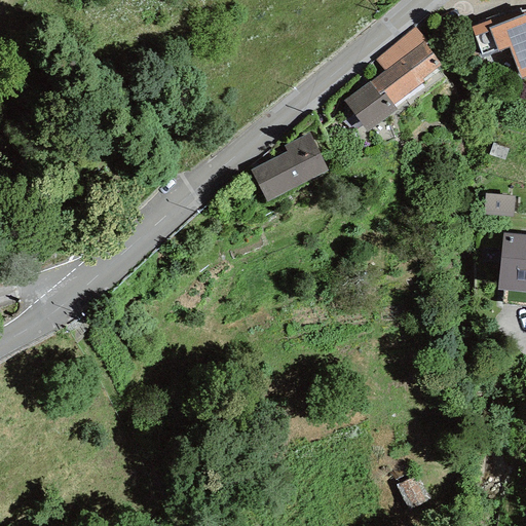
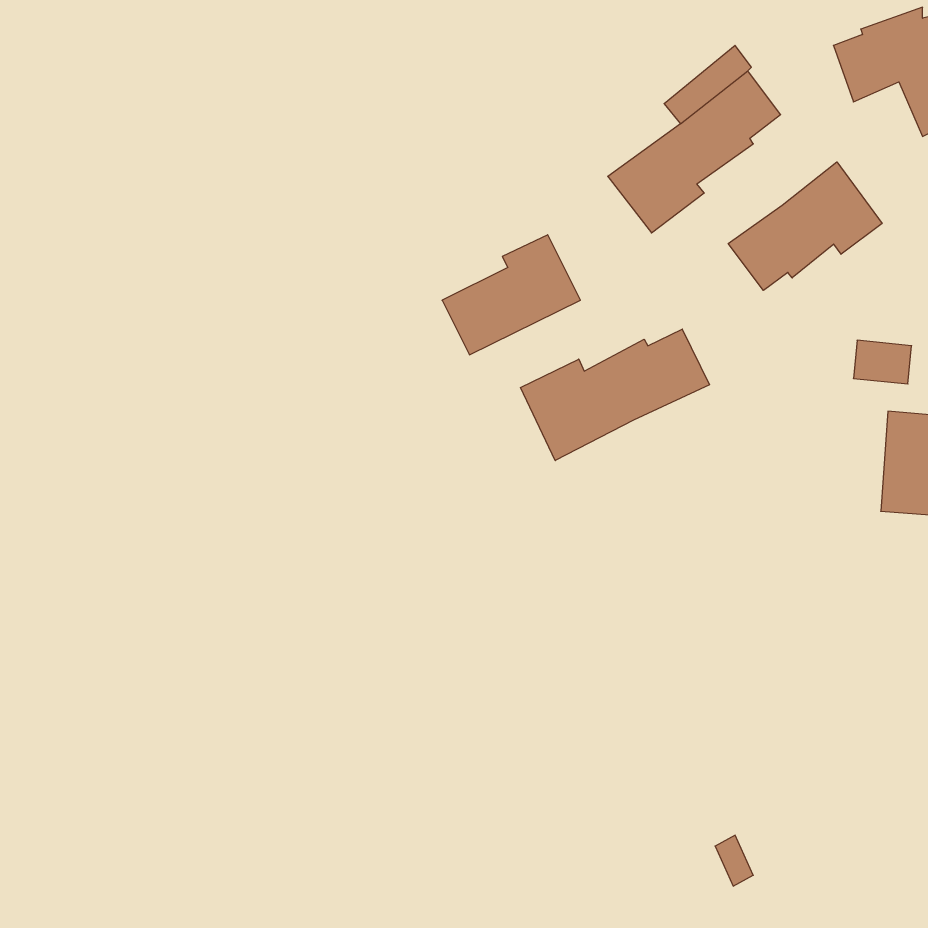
building: none -> [728,162,882,290]
building: none -> [520,329,710,461]

